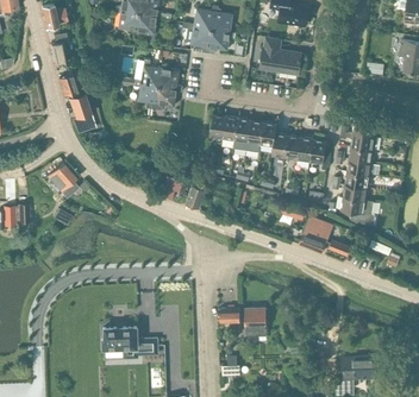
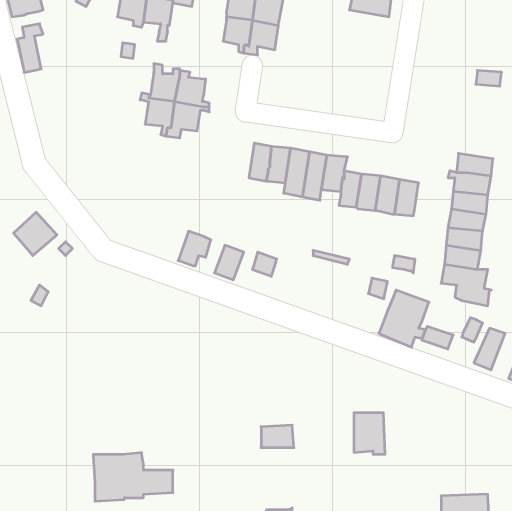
building: [259,38,301,75] -> none
building: [58,74,96,134] -> none
building: [245,308,267,336] -> [354,413,385,454]

